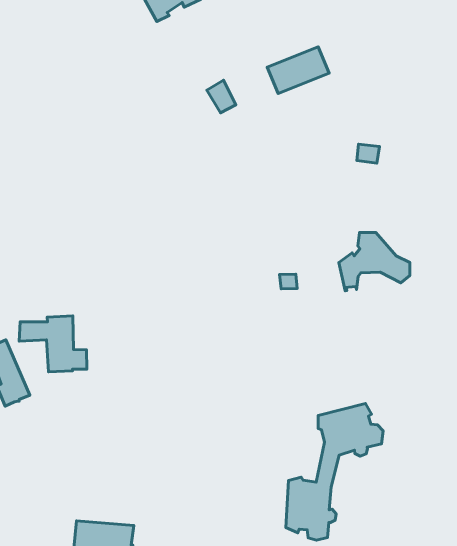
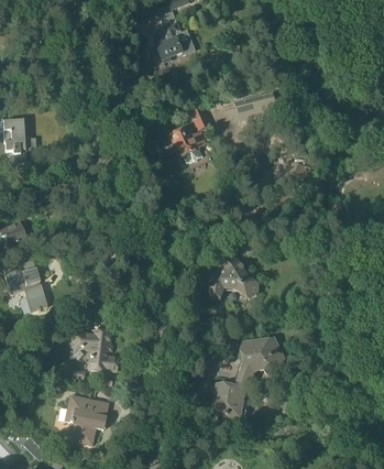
building: none -> [171,127,206,162]
building: [339,232,410,291] -> [210,258,259,296]
building: [19,316,87,372] -> [73,330,118,369]

